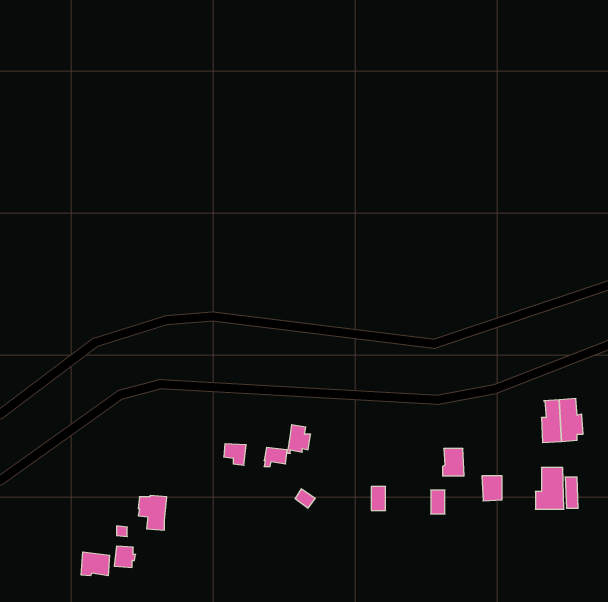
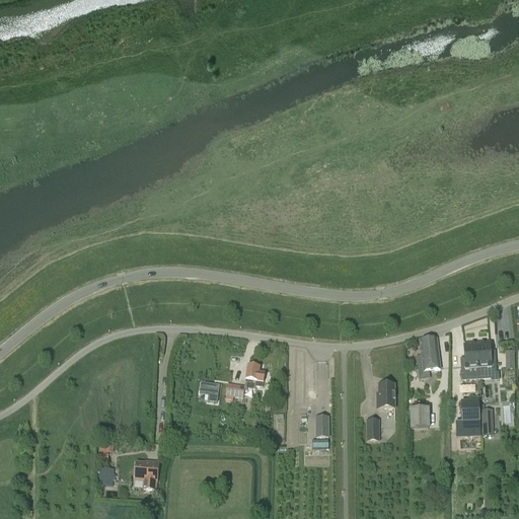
building: none -> [420,336,441,369]
building: [138,496,167,530] -> [135,459,159,489]
building: [81,552,110,576] -> none

